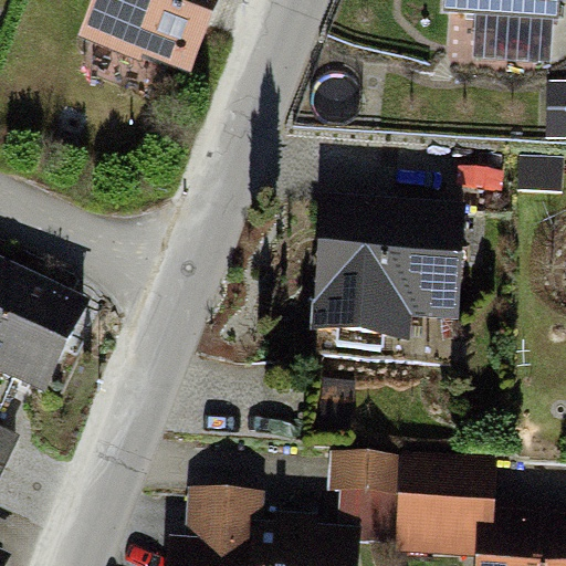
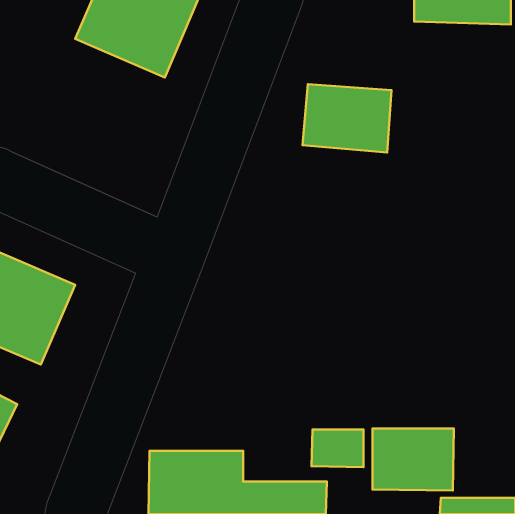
building: none -> [303,84,391,152]
building: [311,212,462,342] -> none

